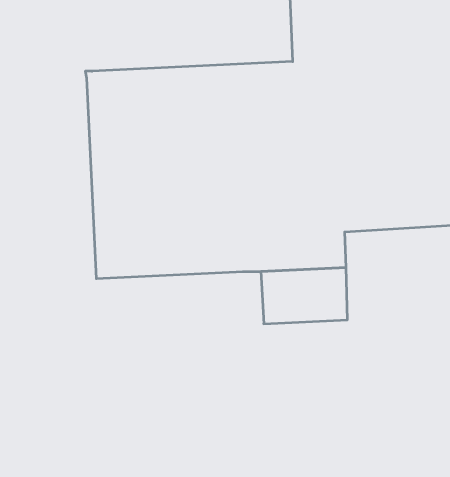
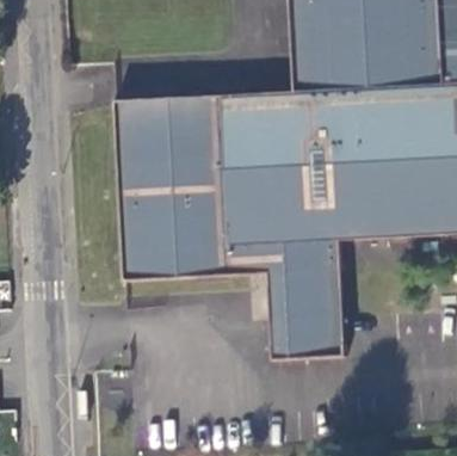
building: none -> [268,315,344,359]

